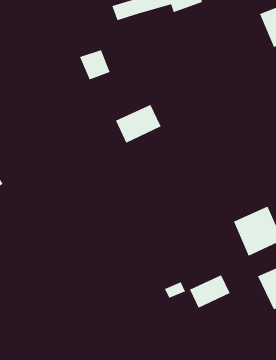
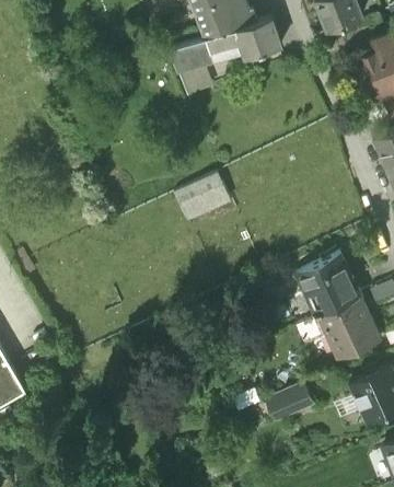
building: [79,50,110,80] -> [175,61,213,98]
building: none -> [294,253,359,316]

